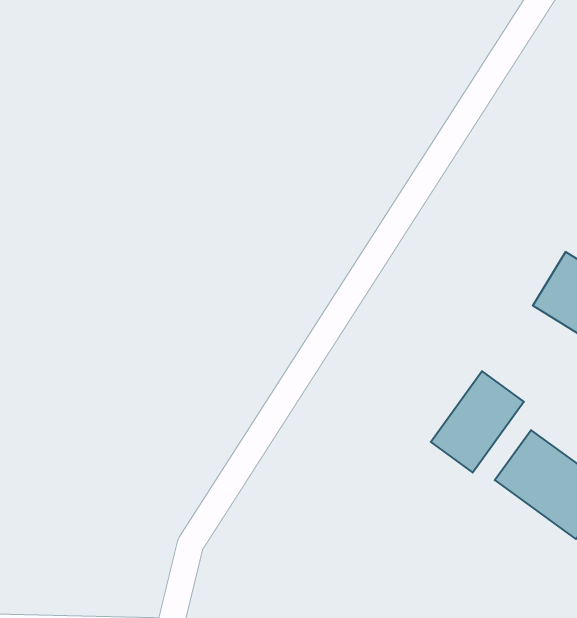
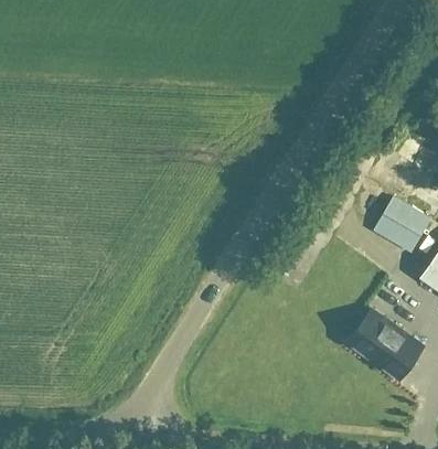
building: [431,371,524,473] -> none

